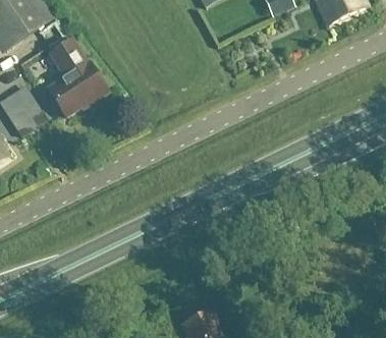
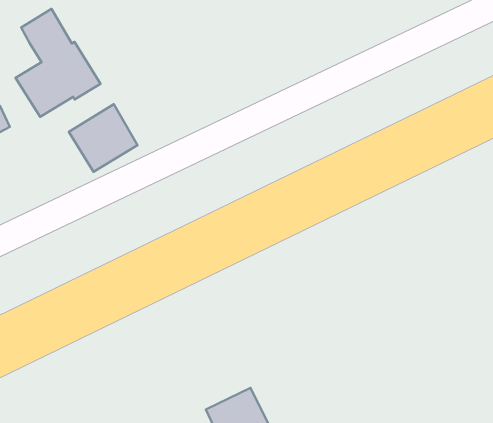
building: none -> [69,104,138,172]

